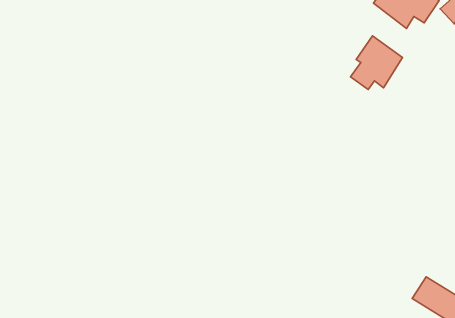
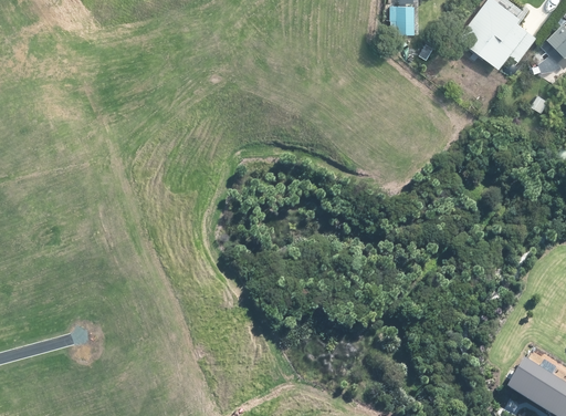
building: [351,36,402,89] -> none

